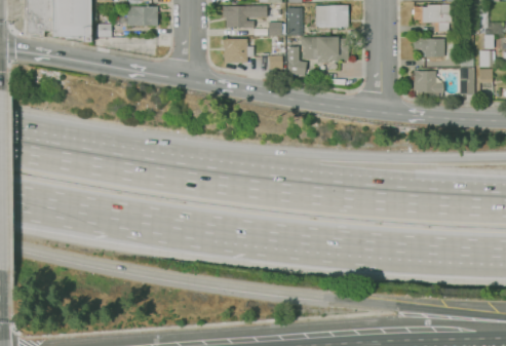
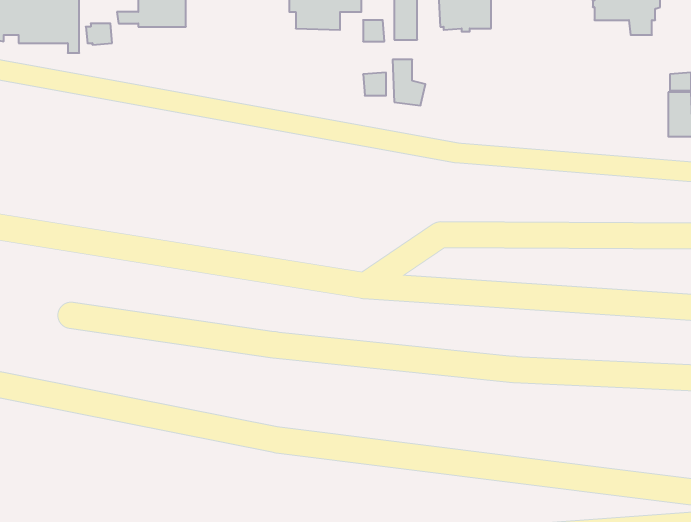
building: [301,37,349,64] -> none
building: [414,38,444,57] -> none
building: [224,39,255,63] -> none
building: [414,71,443,99] -> none

